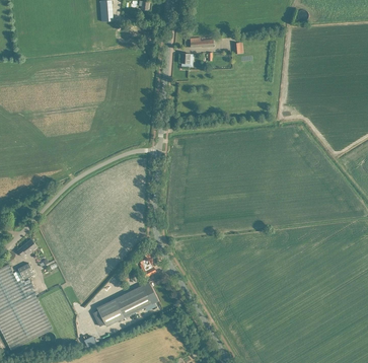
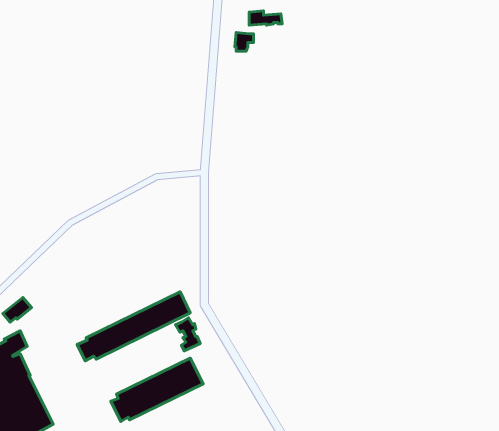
building: none -> [77,292,190,361]

